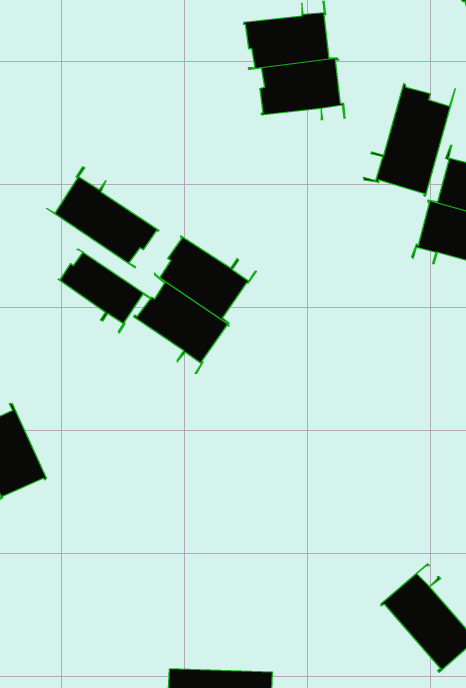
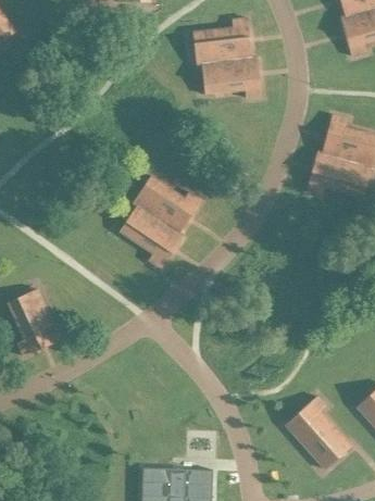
building: [364,83,455,196] -> none
building: [47,167,159,268] -> none
building: [58,249,151,333] -> none

